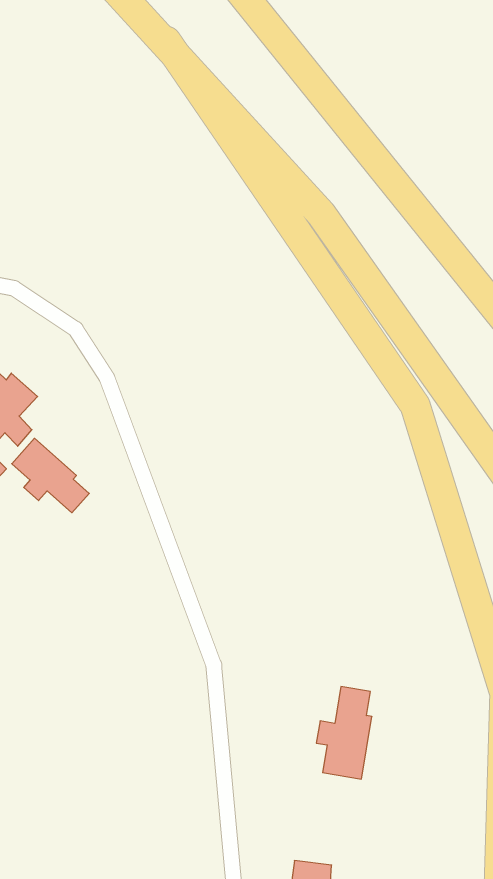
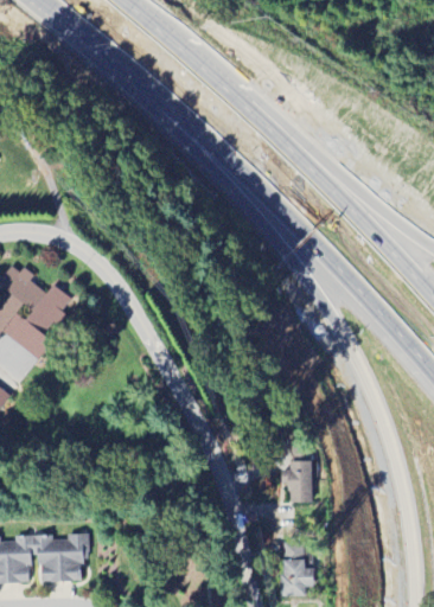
building: [12,438,89,513] -> none

